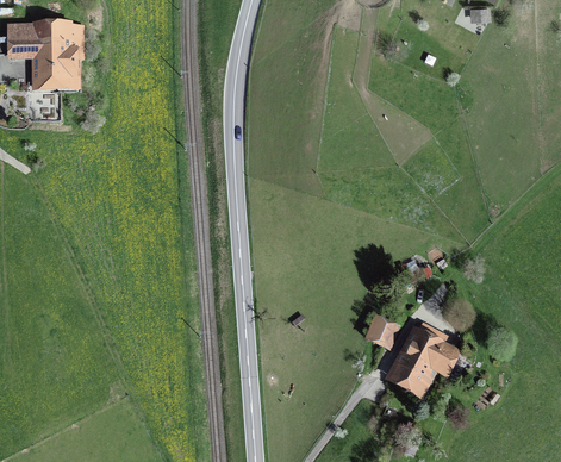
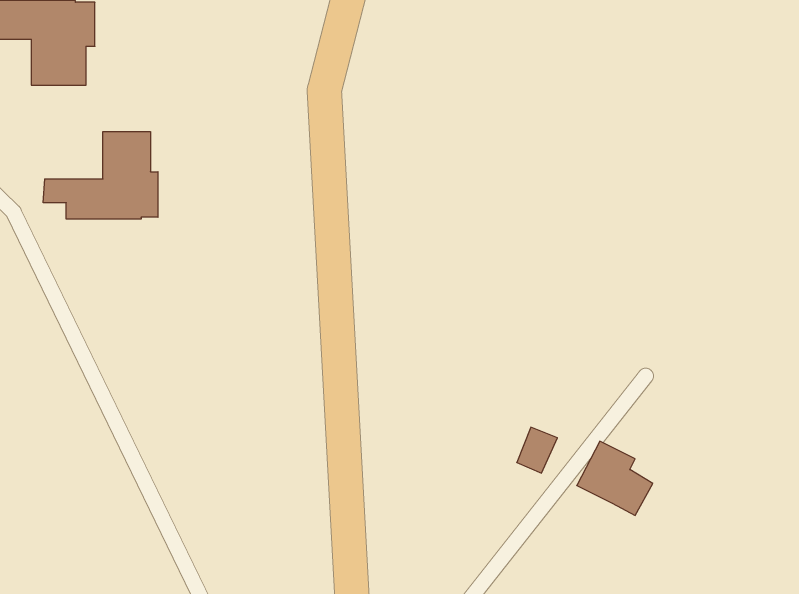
building: none -> [43,132,158,219]
building: [392,356,429,392] -> none

